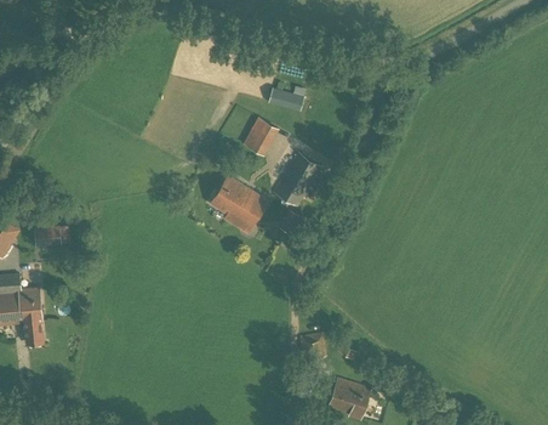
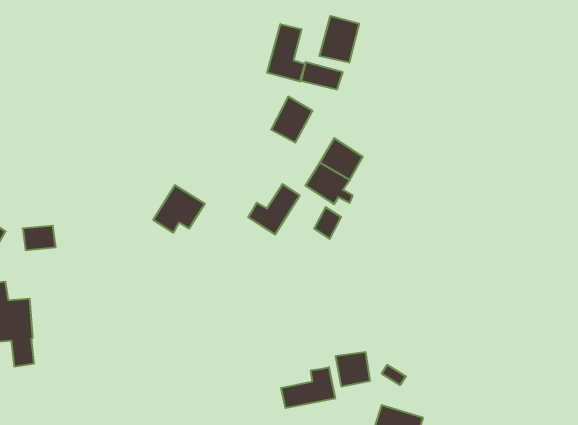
building: none -> [319,16,359,63]
building: none -> [267,24,305,82]
building: [209,175,252,215] -> [153,185,205,233]
building: none -> [281,367,335,408]

